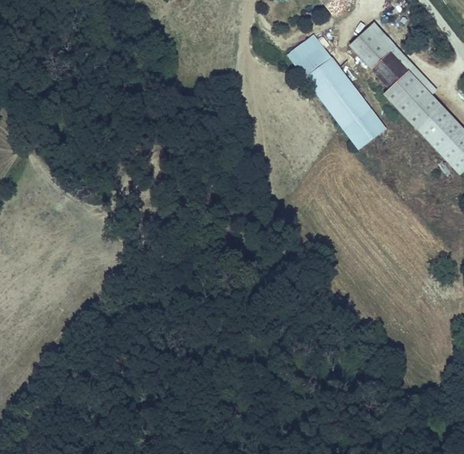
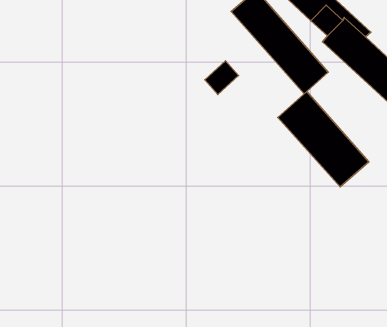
building: none -> [205,61,238,95]
building: none -> [278,91,369,187]

